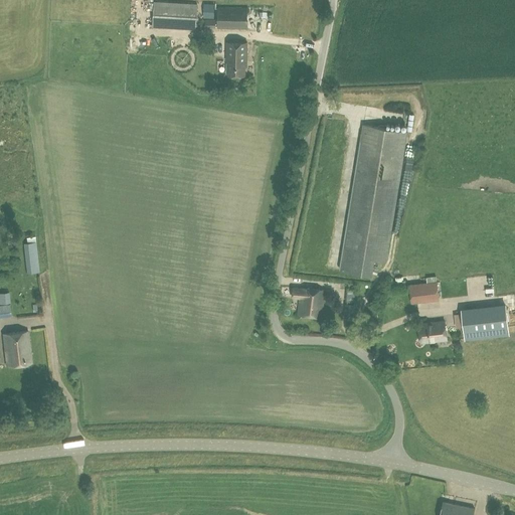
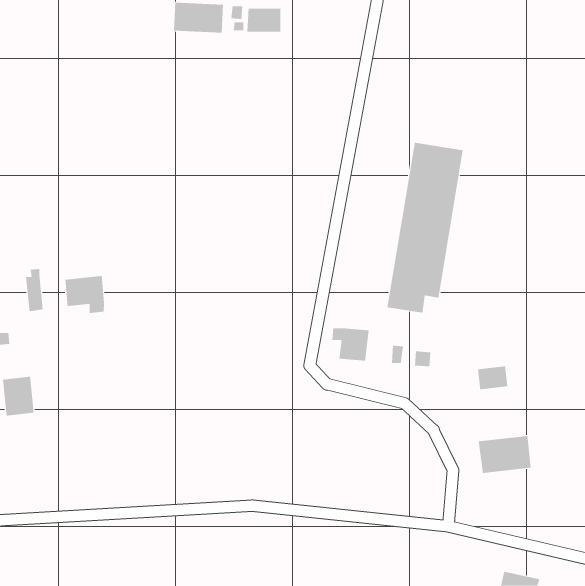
building: [226,42,246,74] -> none
building: none -> [65,275,104,314]
building: [408,282,438,303] -> none
building: [461,309,508,342] -> [478,436,532,473]

